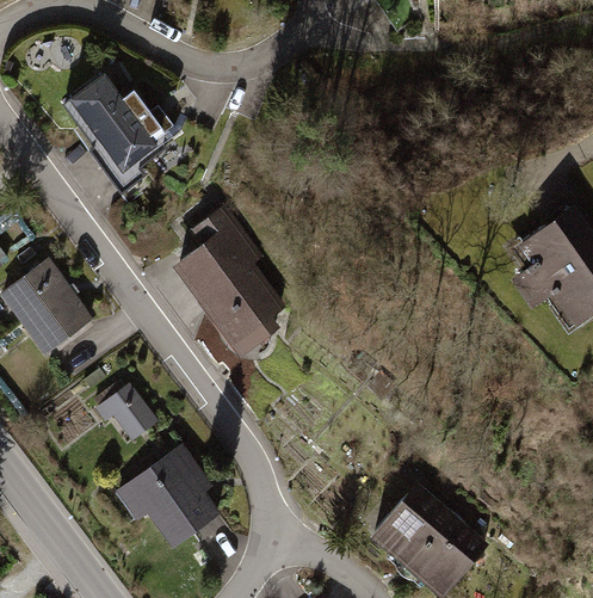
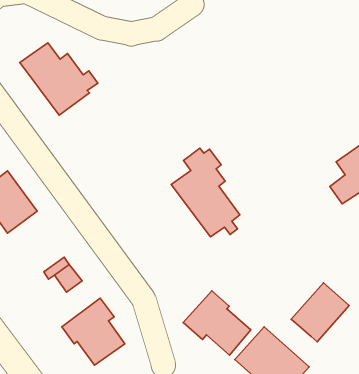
building: [178,210,278,339] -> [171,148,240,237]
building: none -> [291,283,349,342]
building: none -> [183,291,251,355]

